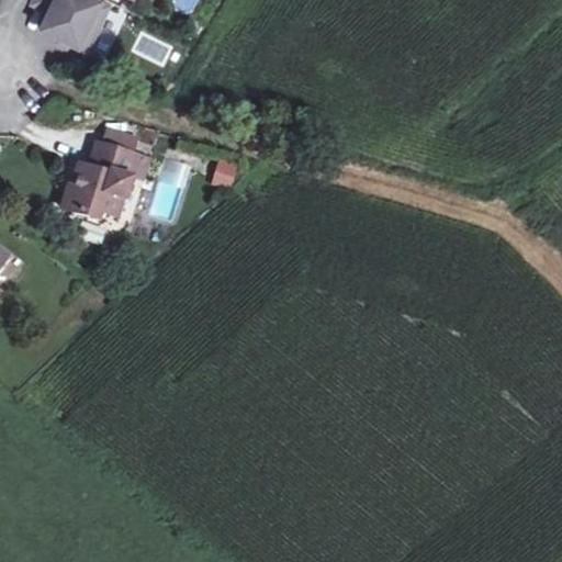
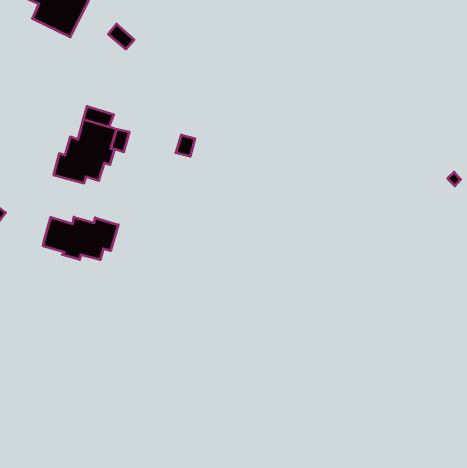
building: none -> [43,217,118,260]

